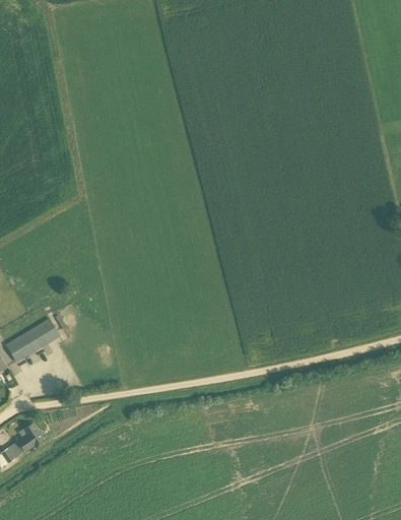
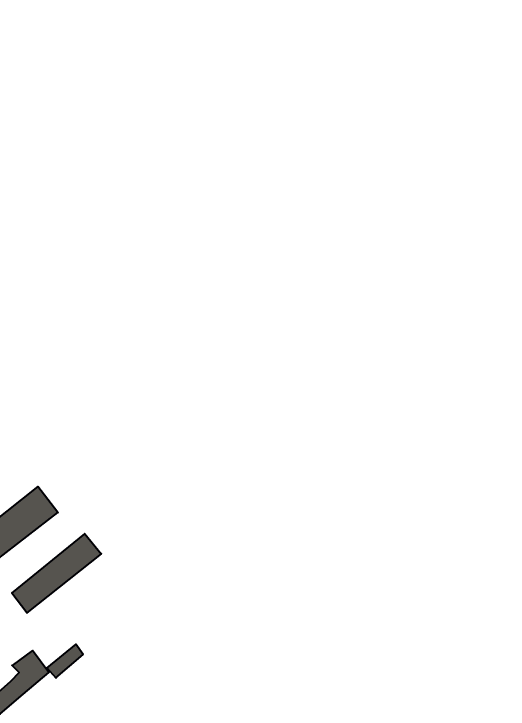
building: none -> [12,534,101,613]

